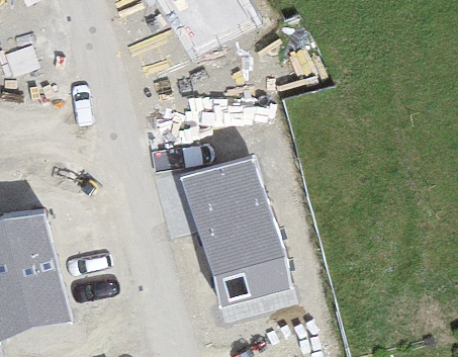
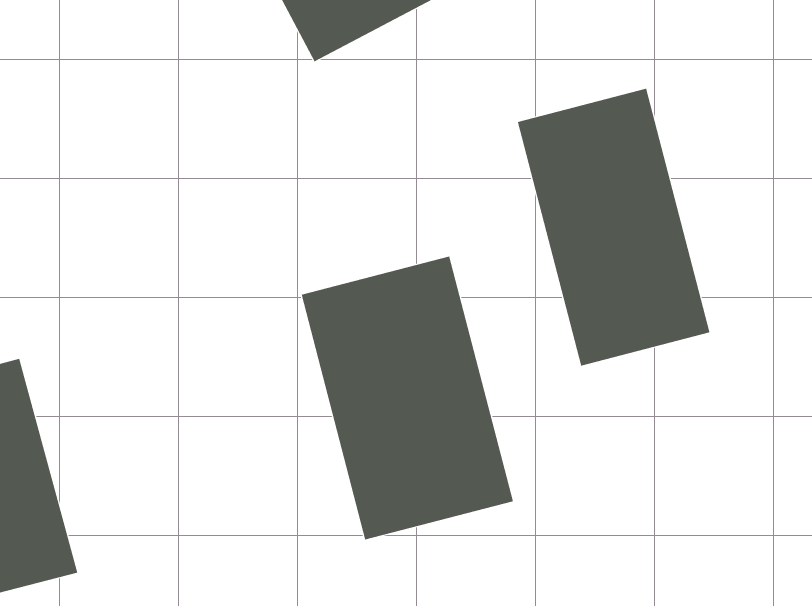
building: none -> [517,88,710,366]

